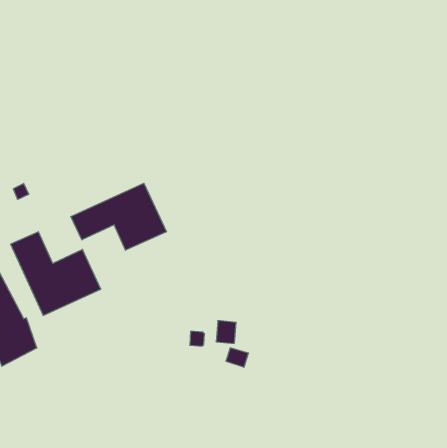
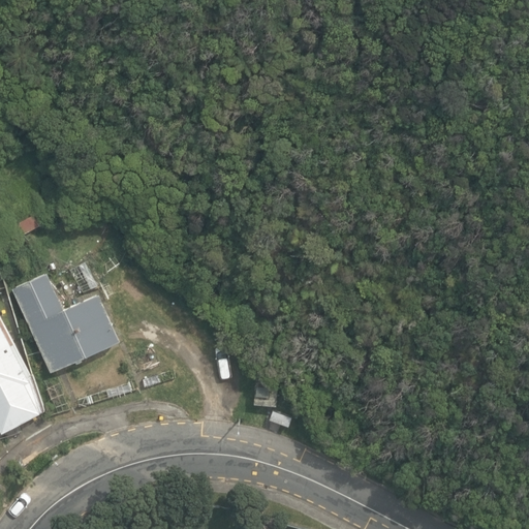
building: [71,183,166,250] -> none

